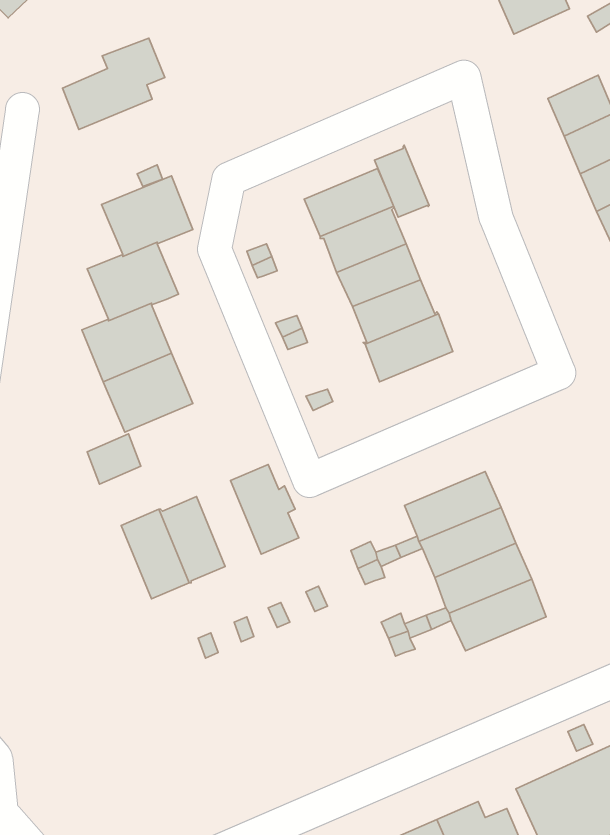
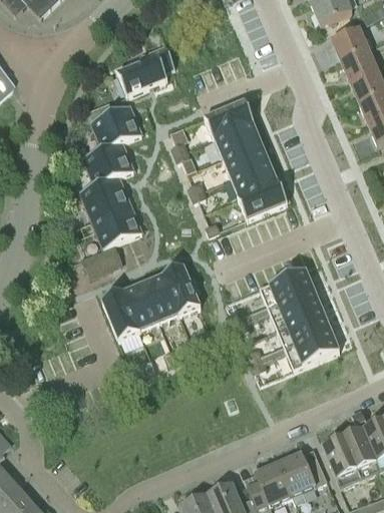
building: none -> [330,26,368,60]
building: [63,38,165,130] -> [117,44,174,95]
building: [374,145,429,217] -> none
building: none -> [143,274,179,322]

